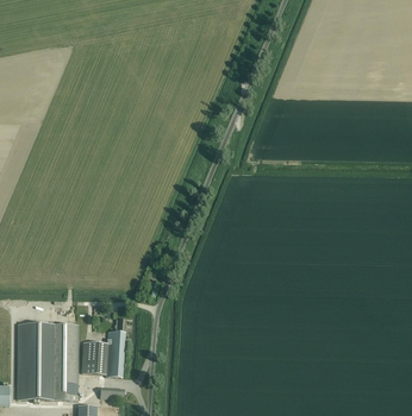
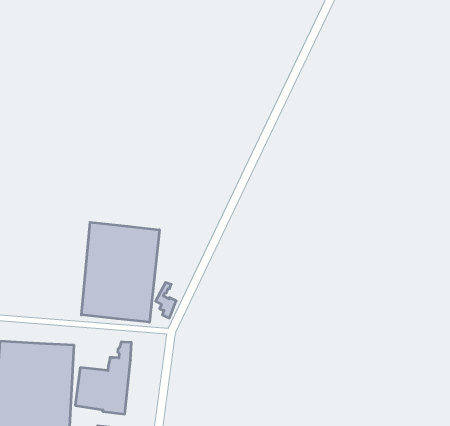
building: none -> [81,222,159,322]

